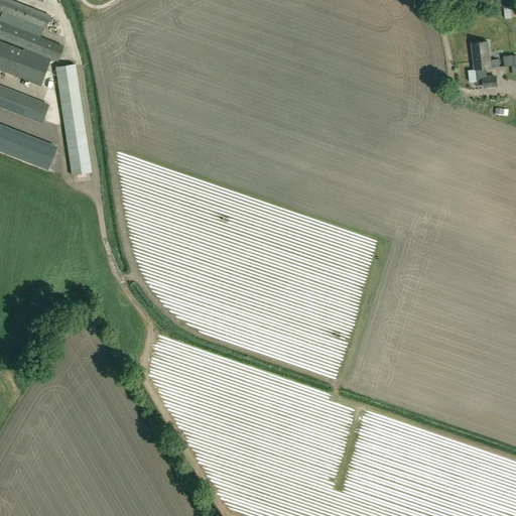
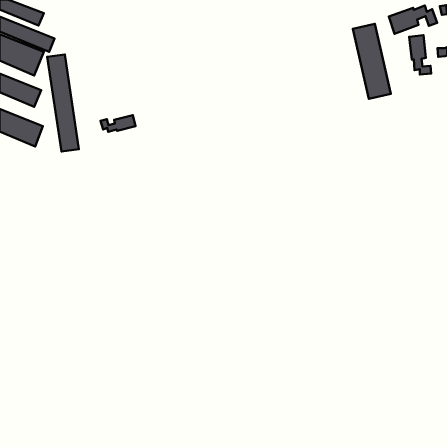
building: none -> [389,5,437,34]
building: none -> [353,24,391,99]
building: none -> [100,115,136,132]

